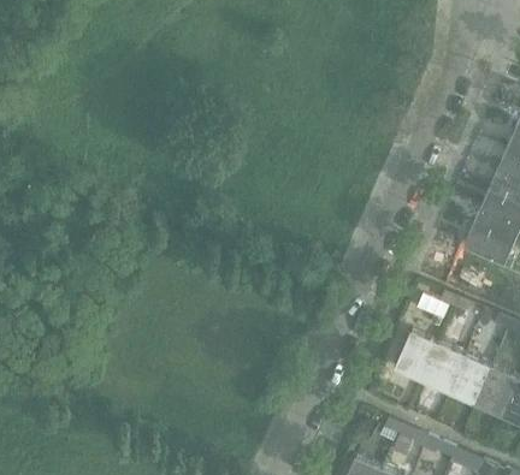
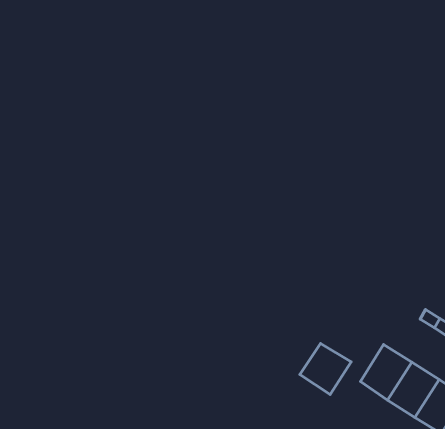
building: none -> [300,344,351,395]

